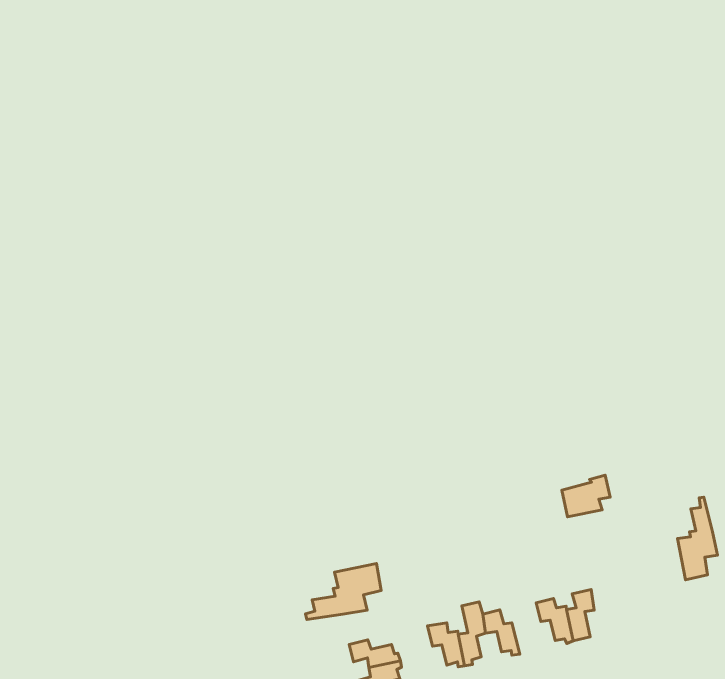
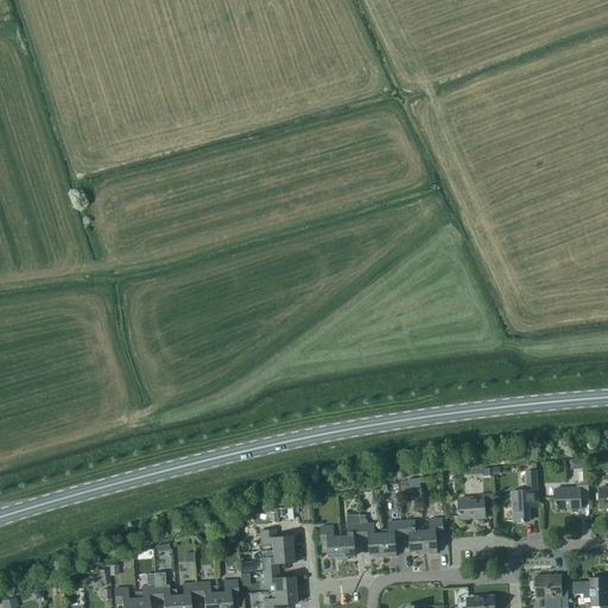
building: [562,475,610,517] -> [457,493,492,519]
building: [305,564,381,619] -> none
building: none -> [380,521,401,557]

